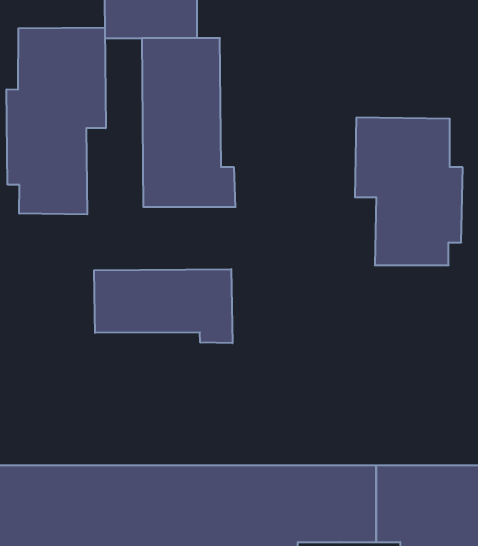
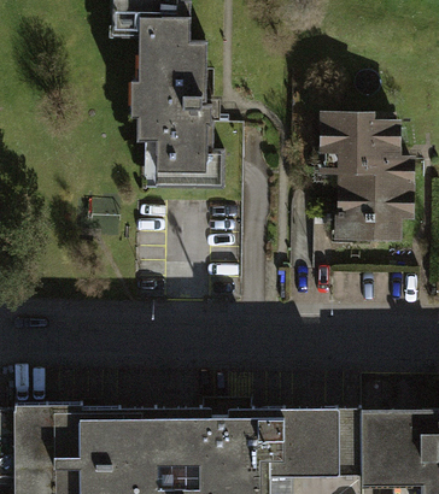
building: [7,27,106,214] -> none
building: [94,269,232,343] -> none

